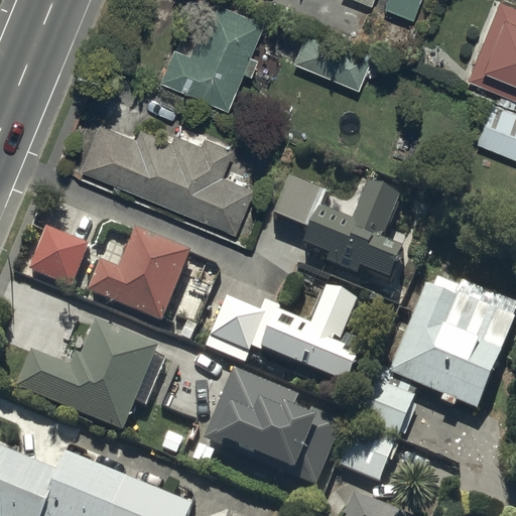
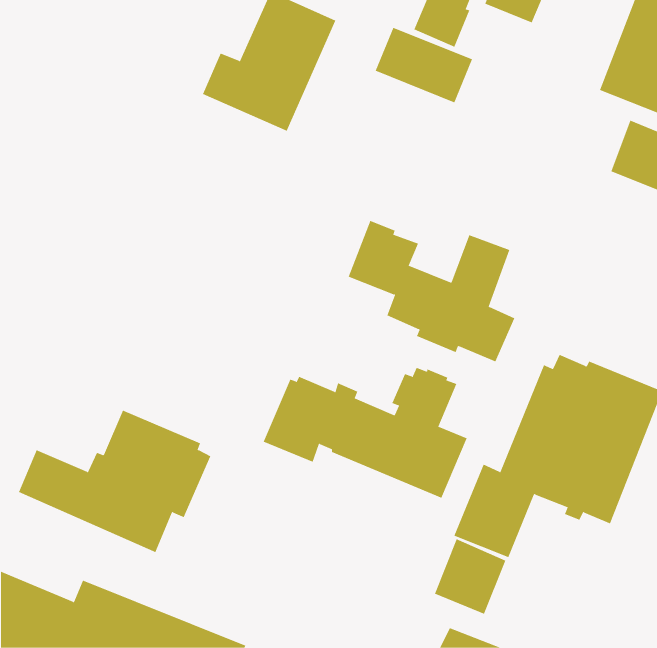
building: [80,116,252,227] -> none
building: [28,225,89,286] -> none
building: [87,229,191,324] -> none
building: [205,368,342,485] -> none

